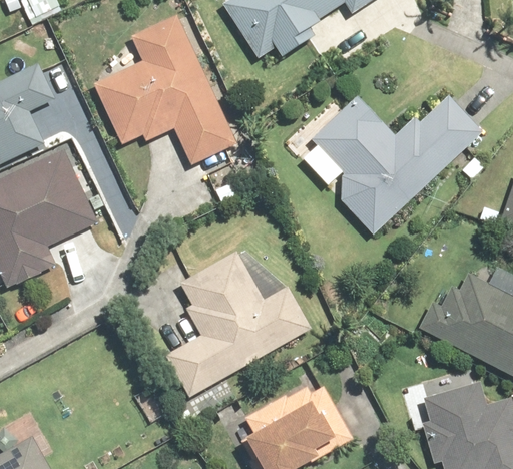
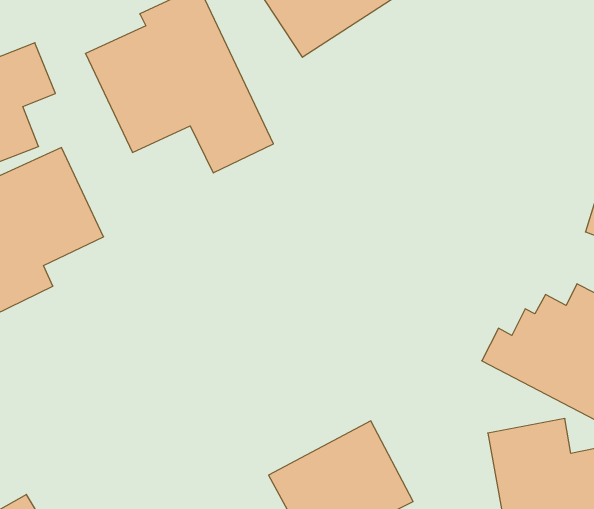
building: [295,92,486,239] -> none
building: [163,248,315,398] -> none

